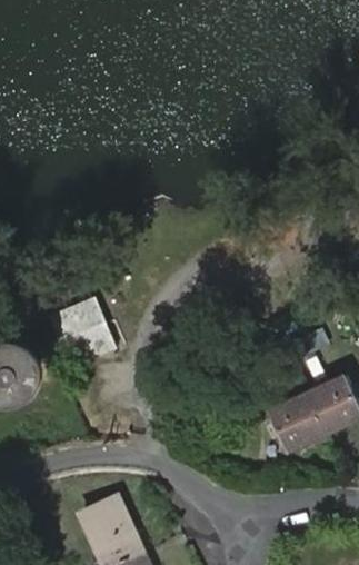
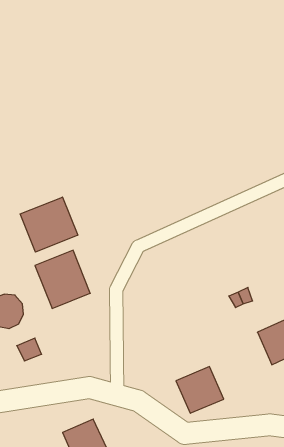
building: none -> [20,197,78,252]
building: [269,394,325,448] -> [176,367,224,413]

